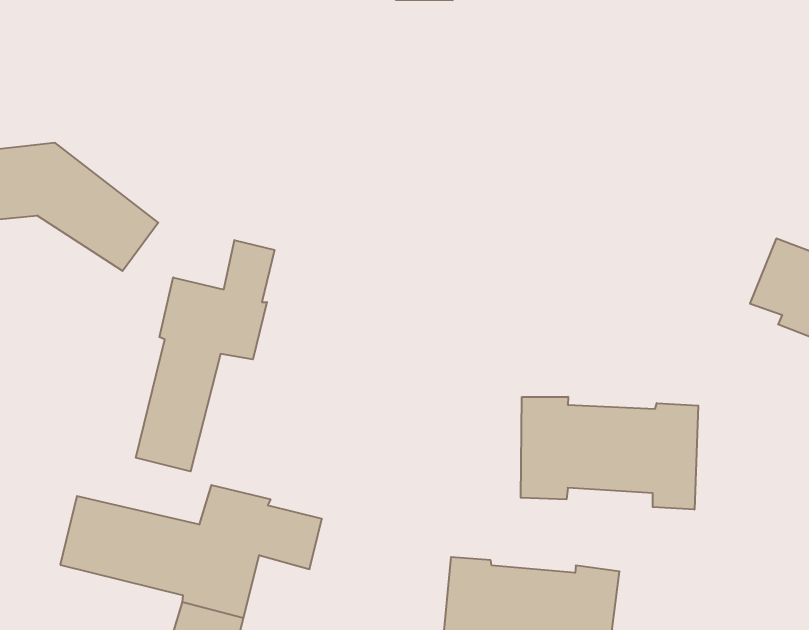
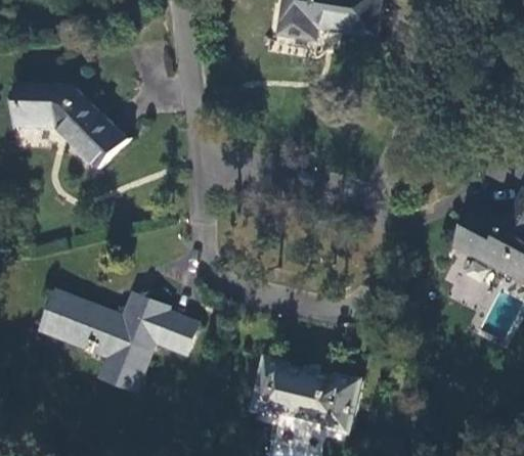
building: [136,240,274,471] -> none
building: [521,397,698,510] -> none

